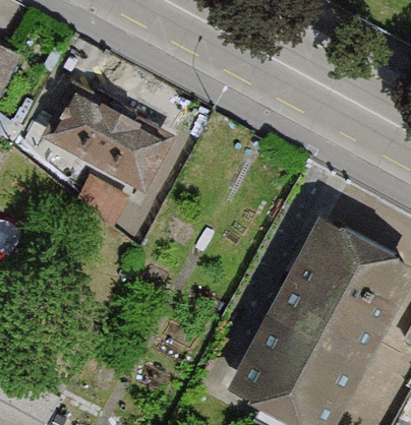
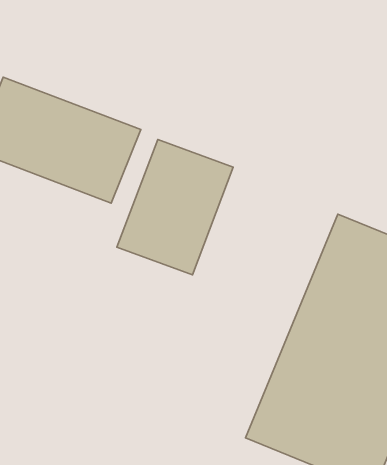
building: none -> [117,140,233,275]

